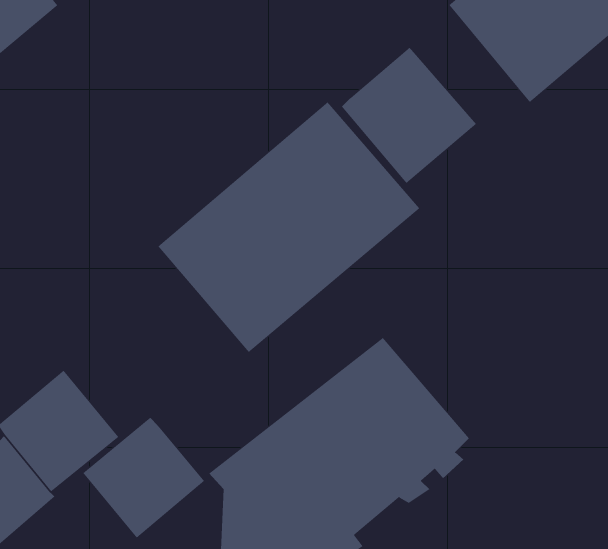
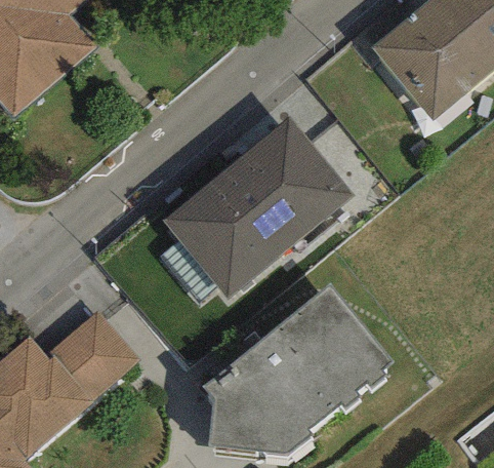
building: [341,47,477,184] -> none
building: [83,417,205,539] -> none

